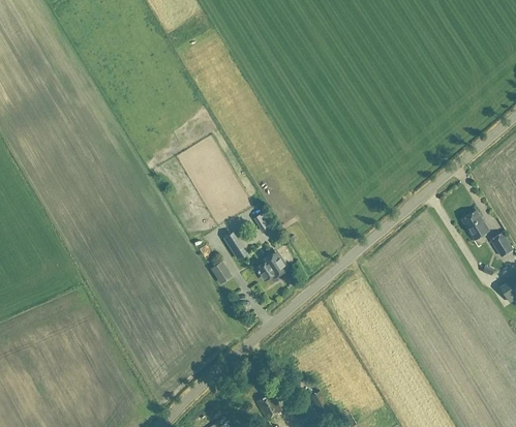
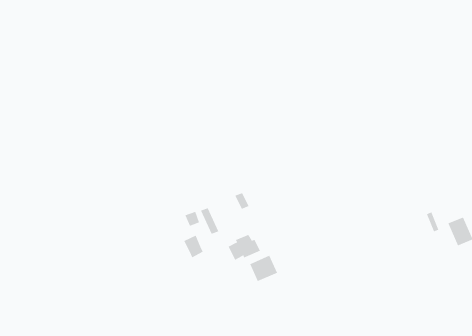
building: none -> [249,255,278,282]

